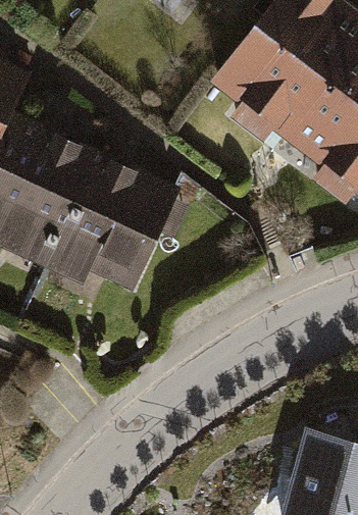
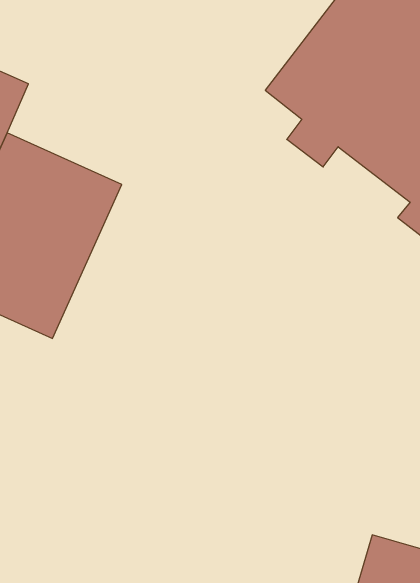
building: [43,154,183,312] -> none

